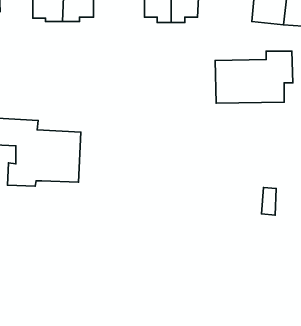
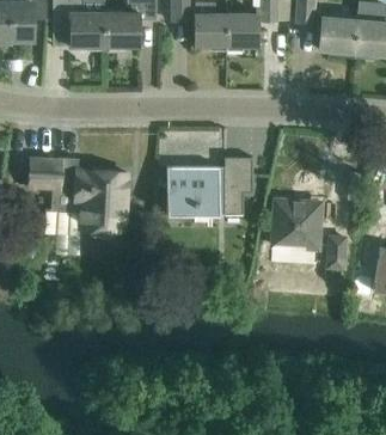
building: [215,51,293,103] -> [165,154,252,213]
building: none -> [271,198,320,247]

